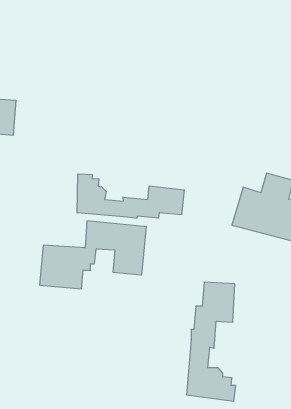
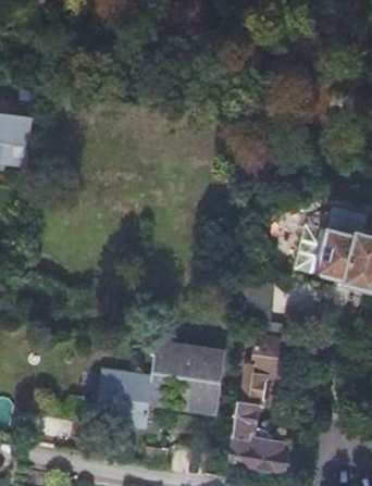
building: [77,174,184,218] -> none
building: [40,221,146,289] -> [99,345,224,424]

